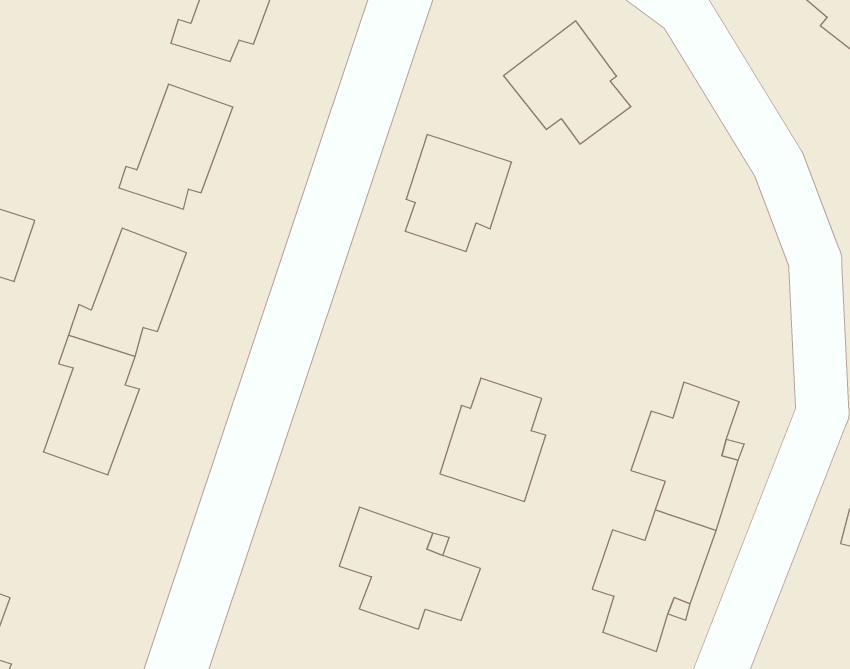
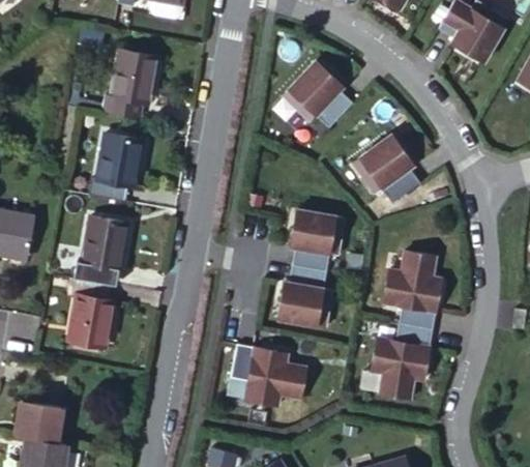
building: [405,135,512,252] -> [293,209,348,270]
building: none -> [353,134,423,203]

